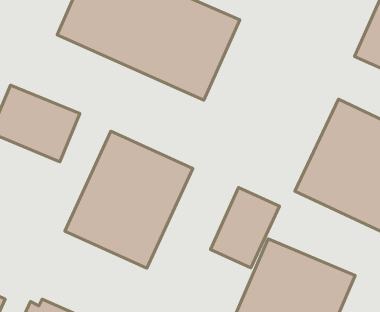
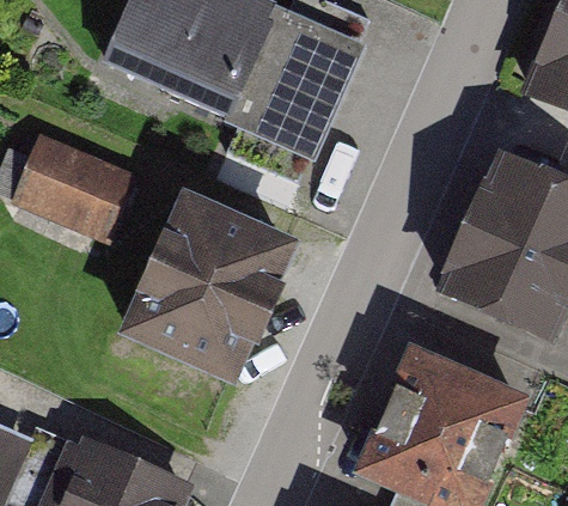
building: [210,187,280,268] -> none

